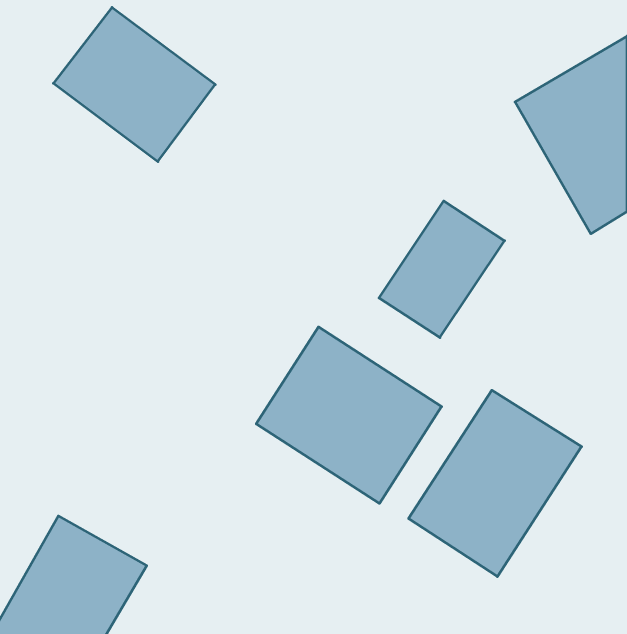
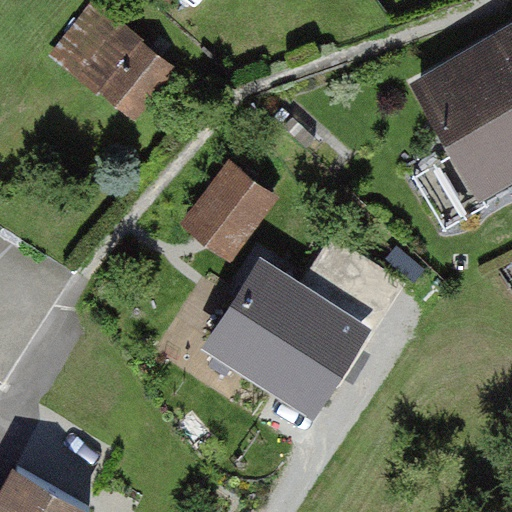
building: [379,201,505,338] -> [186,148,287,258]
building: [409,390,582,577] -> none

